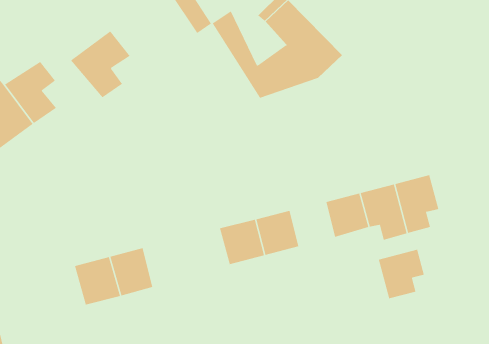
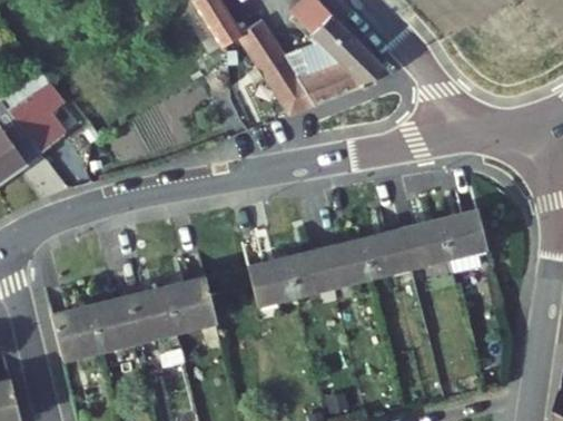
building: [70,31,131,98] -> none
building: none -> [326,236,375,285]
building: none -> [165,275,218,330]
building: [378,249,425,299] -> none
building: none -> [52,306,101,360]

